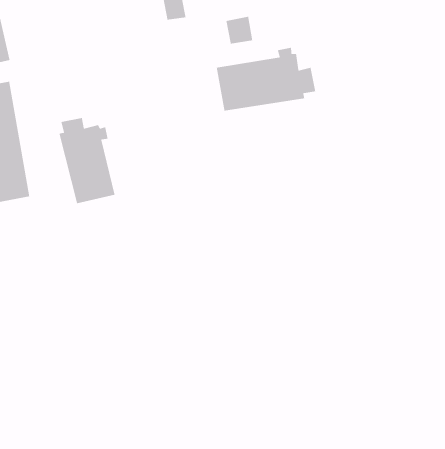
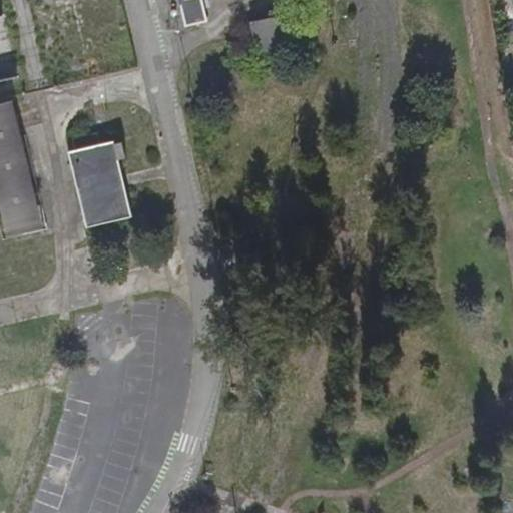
building: [216,47,316,111] -> none

